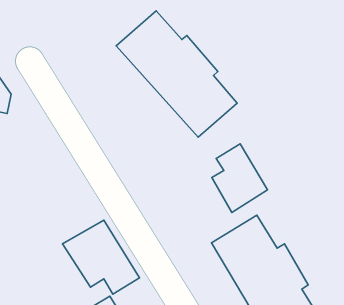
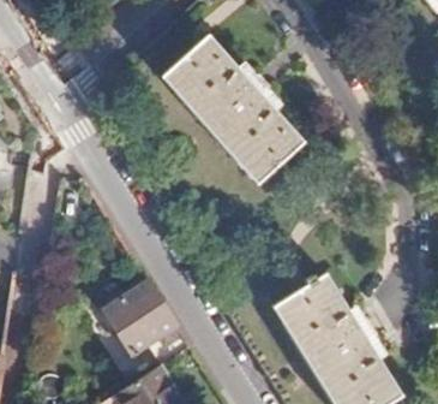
building: [212,144,268,213] -> none

